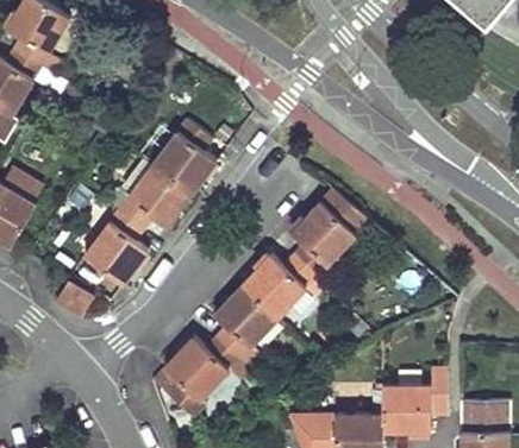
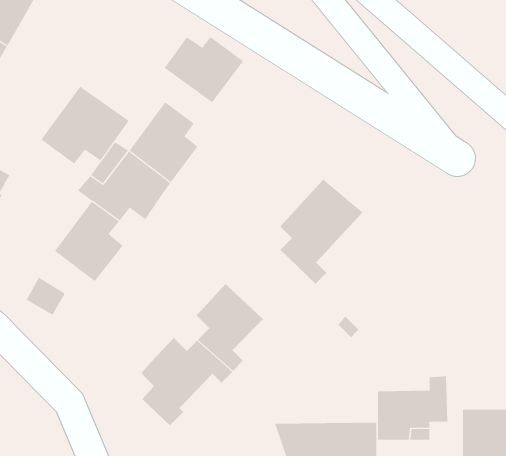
building: none -> [164,36,244,103]
building: none -> [41,86,129,164]
building: [242,255,325,320] -> none

